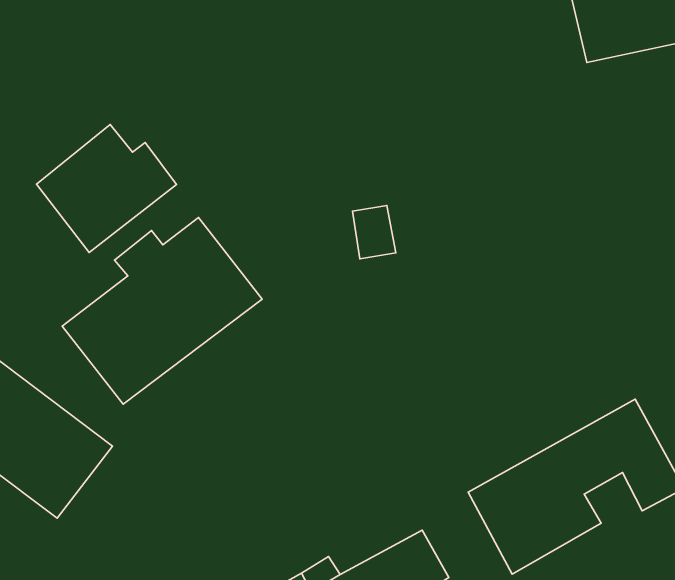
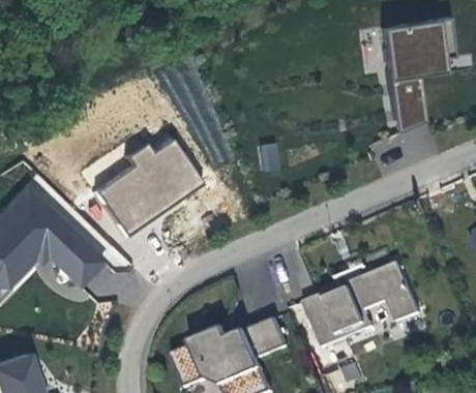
building: none -> [387,80,424,127]
building: [36,124,177,253] -> none

